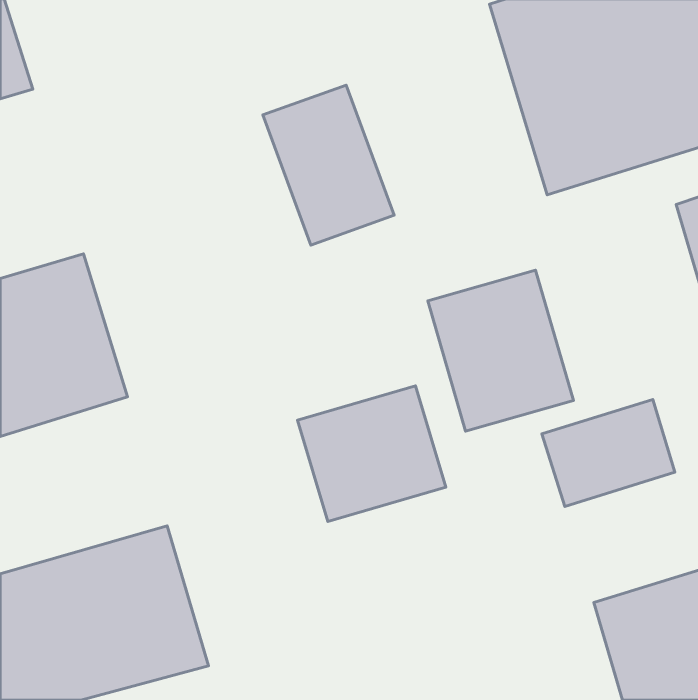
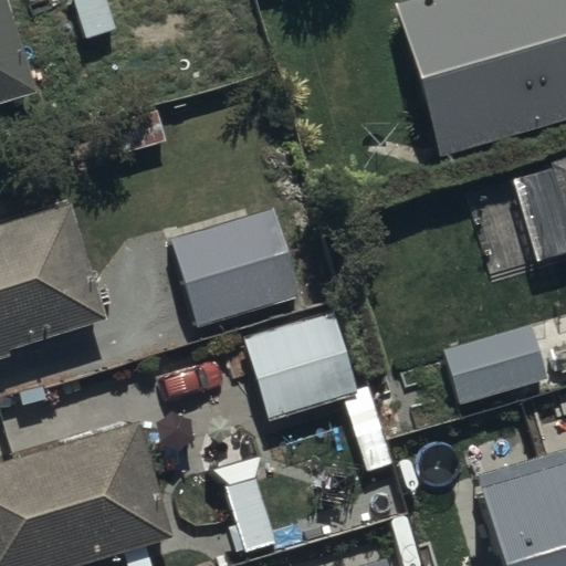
building: [263,85,394,245] -> none
building: none -> [168,208,300,328]
building: [428,270,574,431] -> none

